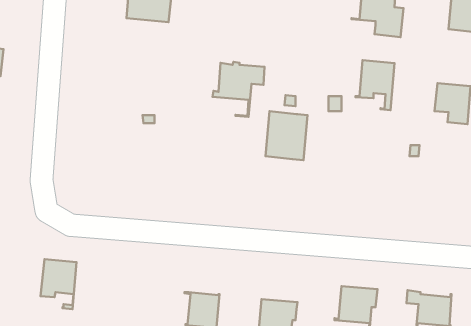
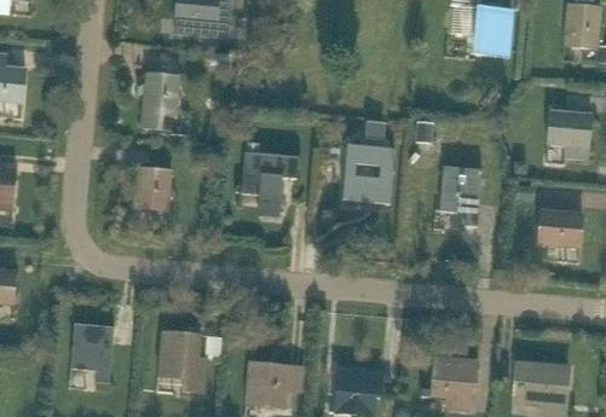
building: none -> [140,71,179,129]
building: [356,60,395,110] -> [434,166,481,226]
building: [212,62,264,117] -> [235,150,298,216]
building: none -> [133,167,171,210]
building: none -> [538,209,582,247]
building: none -> [157,331,207,392]

